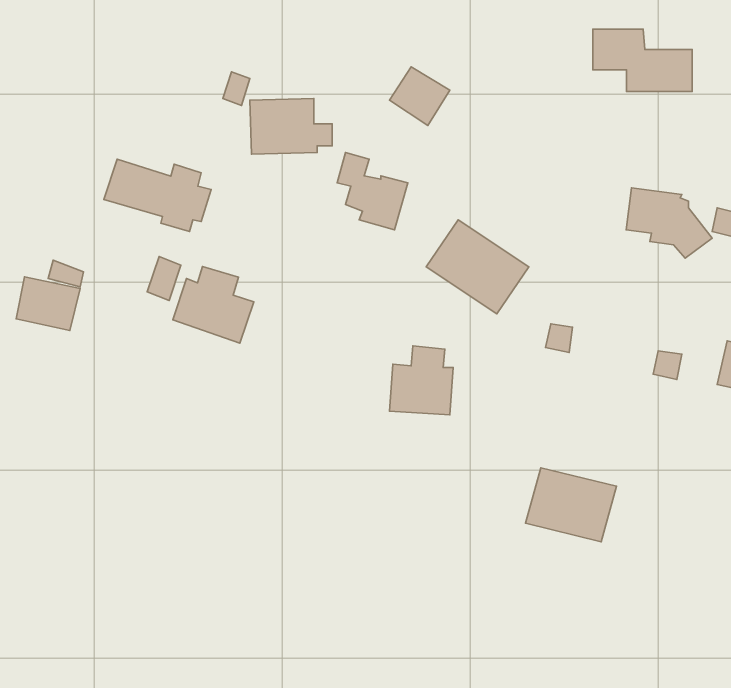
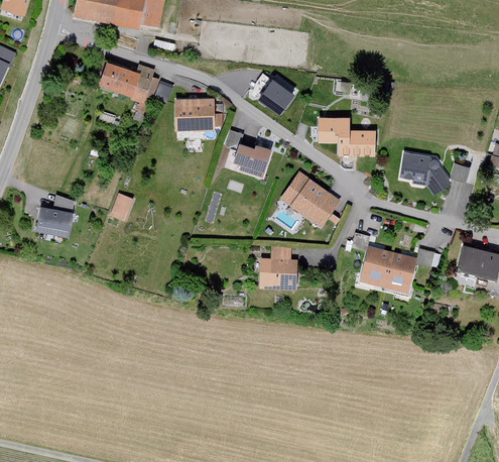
building: [593,29,692,92] -> [318,119,377,156]
building: [104,159,211,232] -> [97,62,161,105]
building: [173,266,254,343] -> none
building: [526,468,616,542] -> [360,247,414,292]

